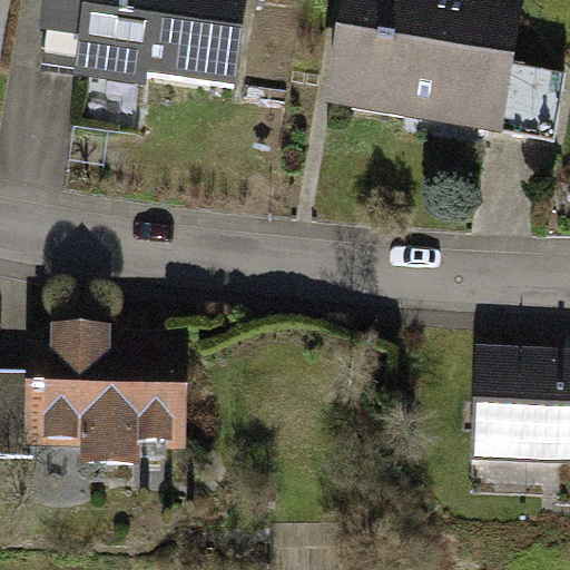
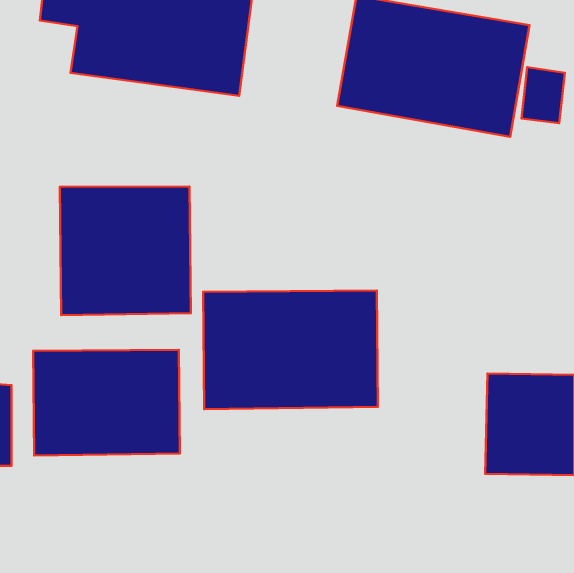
building: none -> [60,186,191,315]
building: none -> [203,291,378,409]

